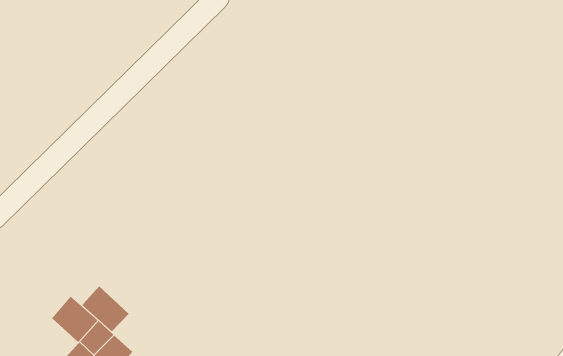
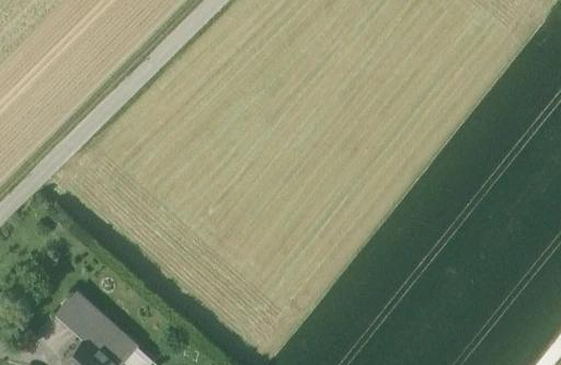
building: [82,286,129,332] -> none

